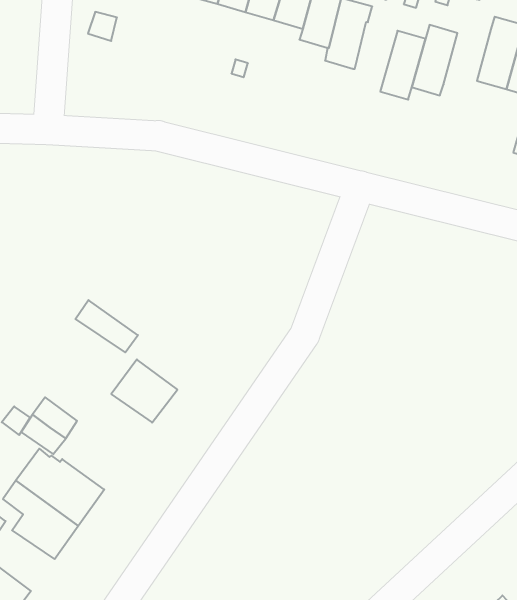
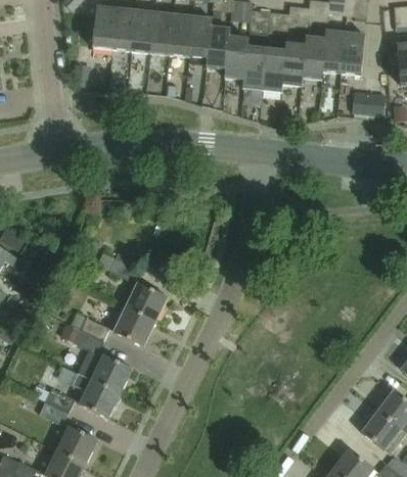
building: none -> [301,36,324,80]
building: none -> [241,47,266,89]
building: none -> [115,307,155,346]

